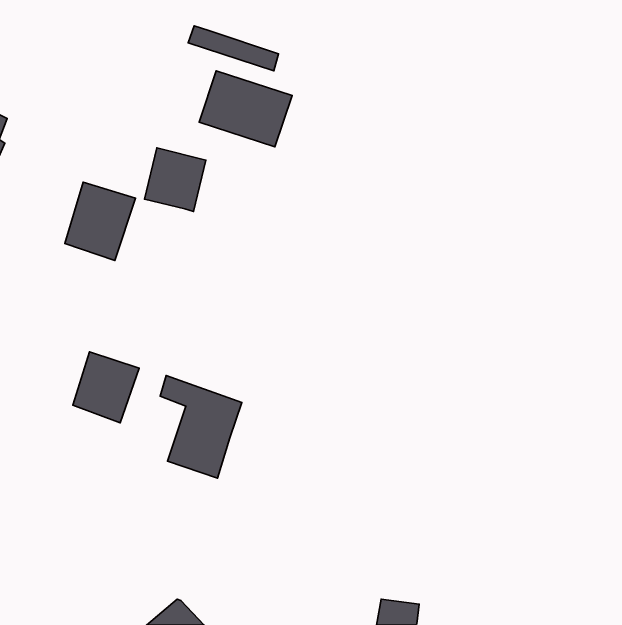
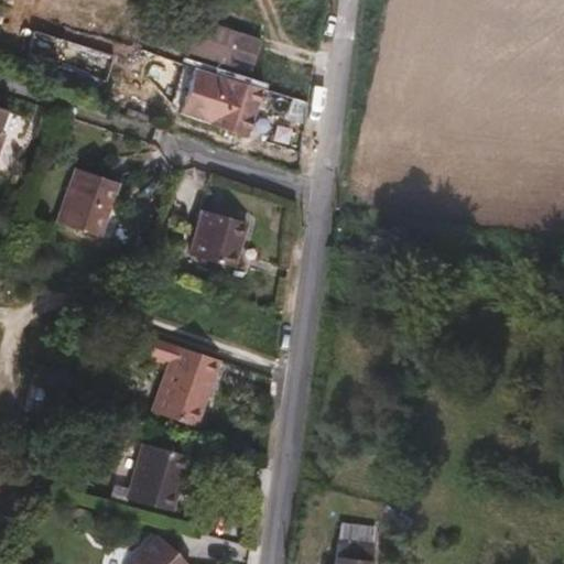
building: [145,148,206,211] -> [191,207,246,264]
building: [73,352,139,423] -> none
building: none -> [126,448,186,517]

